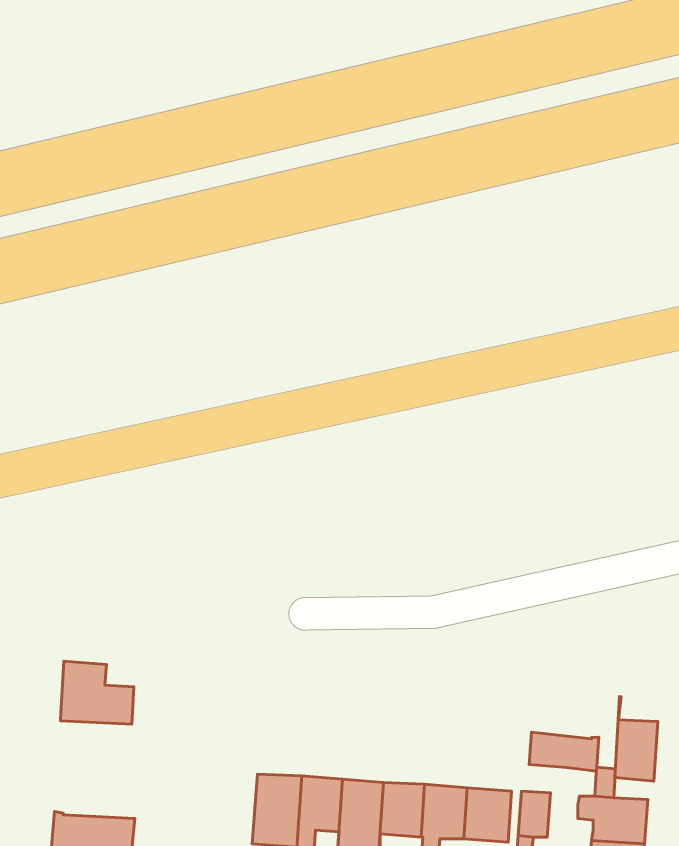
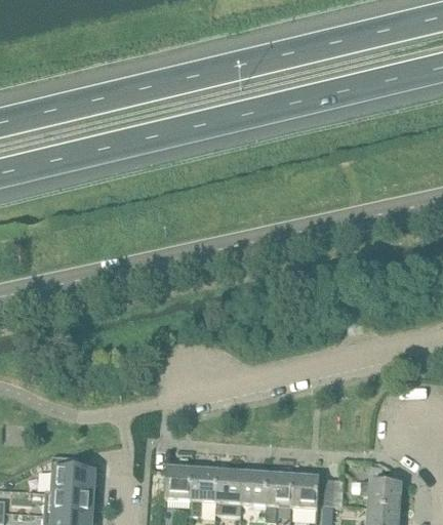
building: [60,661,134,724] -> [50,455,94,493]
building: [615,697,658,781] -> none
building: [529,732,599,771] -> none

